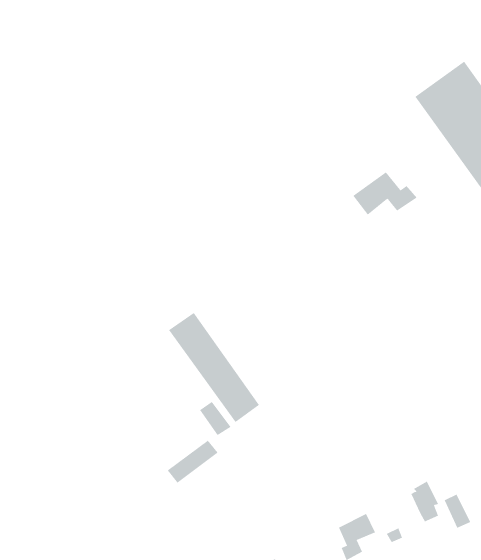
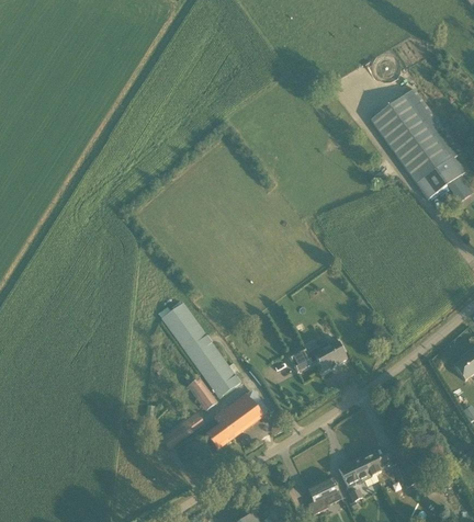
building: [352,171,417,216] -> none
building: none -> [287,340,346,372]
building: none -> [204,394,261,450]
building: none -> [338,456,374,487]

